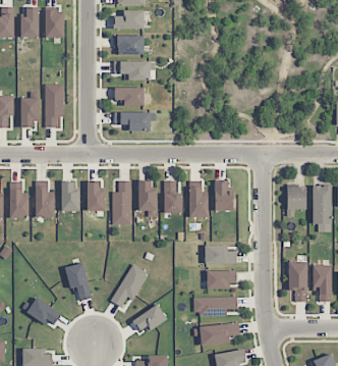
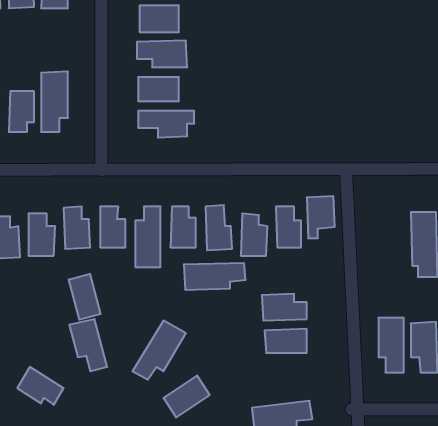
building: [287,186,307,216] -> [307,196,335,238]
building: none -> [69,274,101,320]
building: [193,296,238,315] -> [184,263,246,290]

